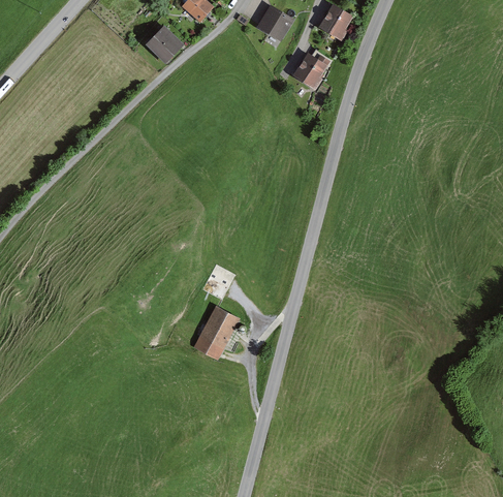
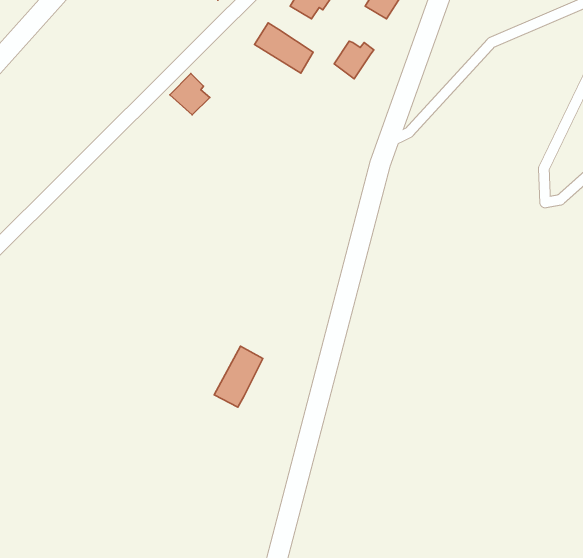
building: [147,27,180,61] -> [170,74,210,115]
building: none -> [255,23,313,73]

